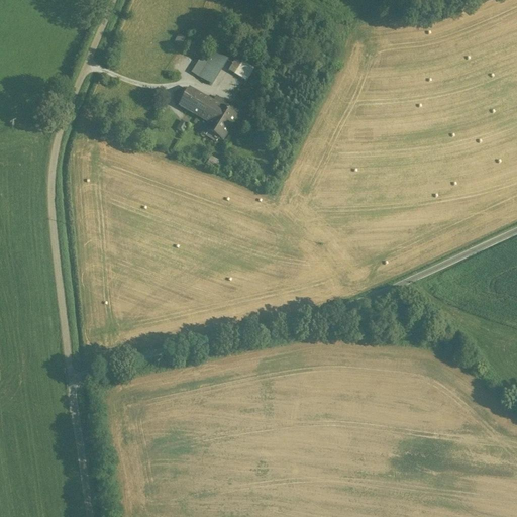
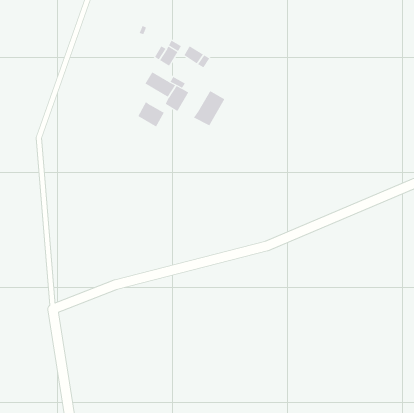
building: none -> [193,90,225,126]
building: none -> [138,101,165,127]

